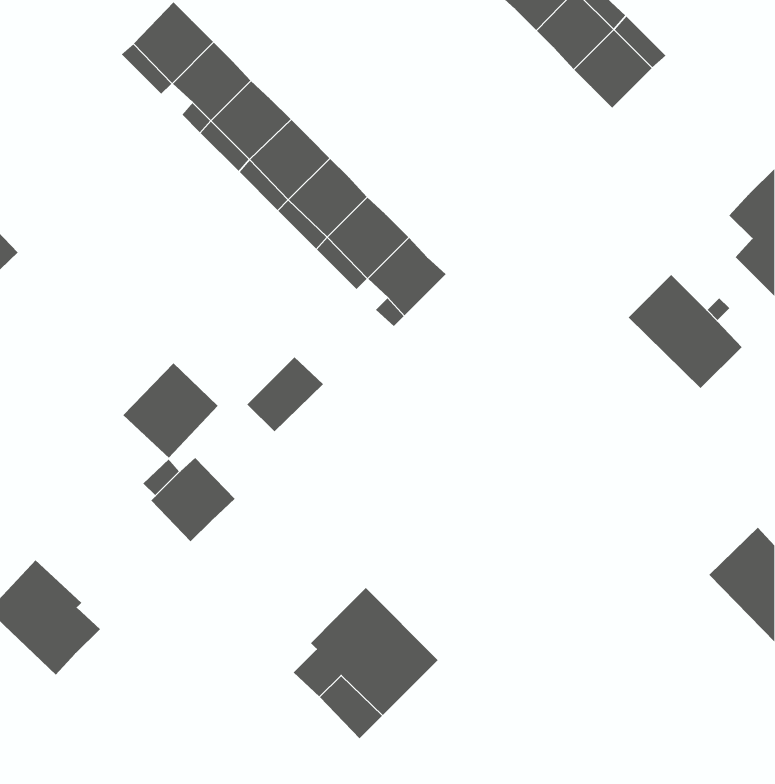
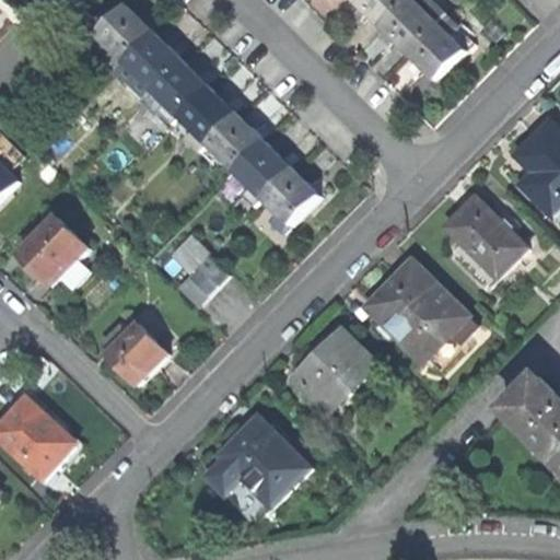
building: [122,363,219,459] -> [19,215,86,283]
building: none -> [365,259,475,369]
building: none -> [295,330,375,410]

